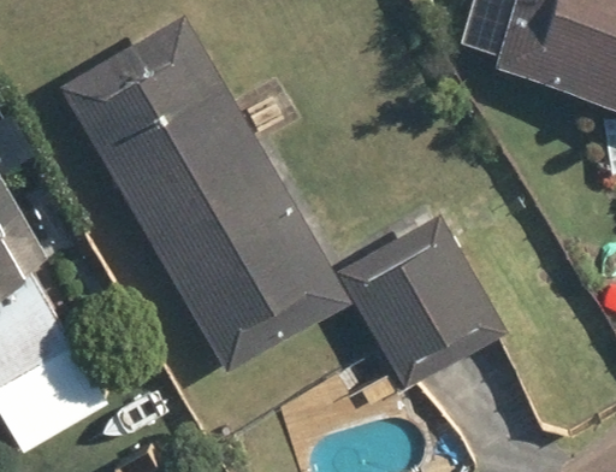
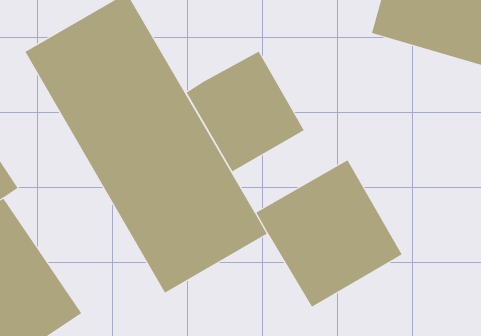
building: none -> [186,51,305,172]

